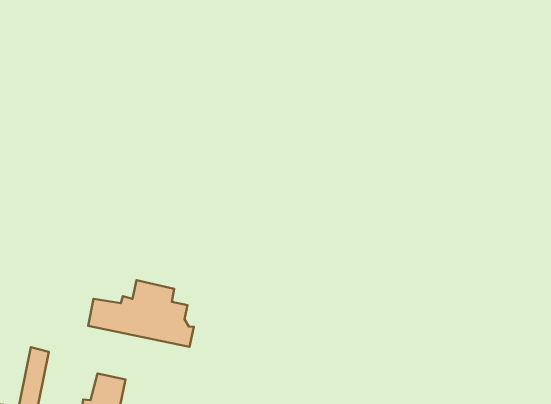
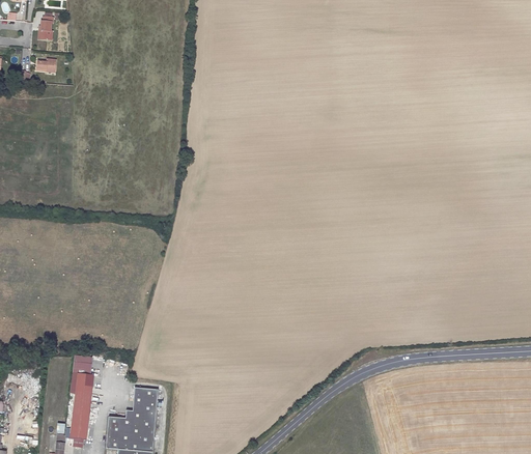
building: [88,280,194,347] -> none

